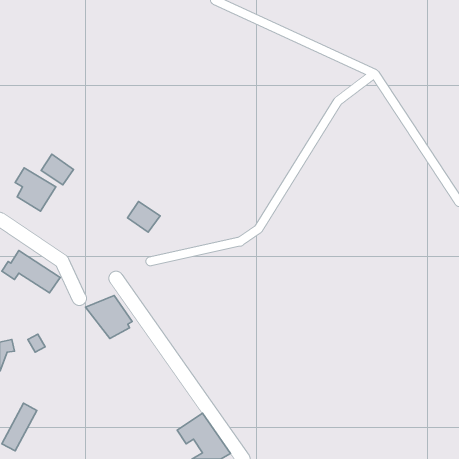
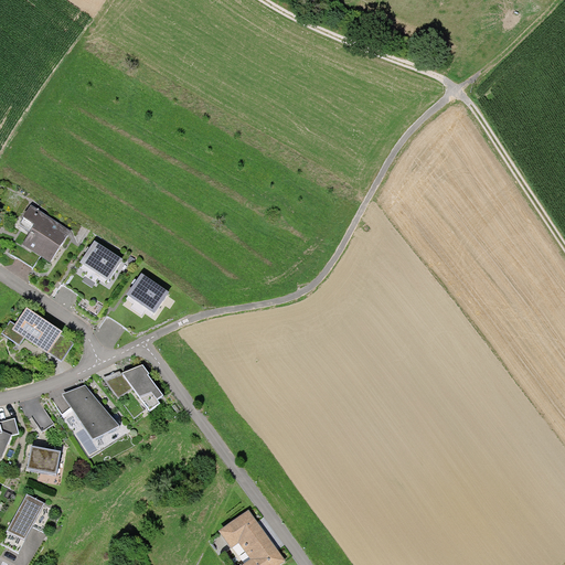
building: [41,154,73,185] -> [81,243,120,280]
building: [128,202,160,232] -> [129,277,169,315]
building: none -> [62,386,119,440]
building: none -> [26,445,57,470]

